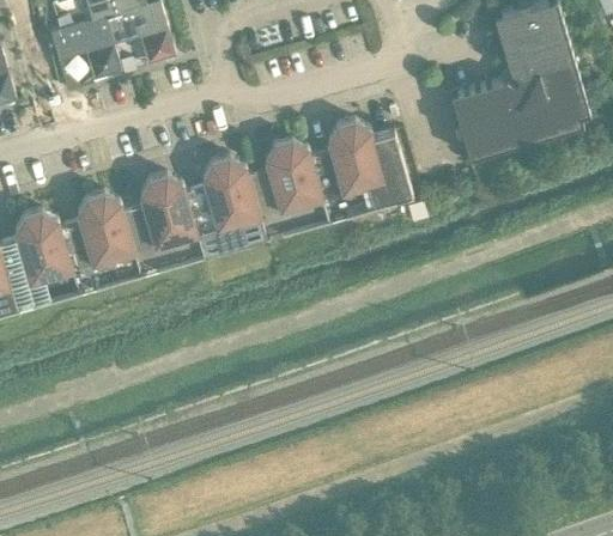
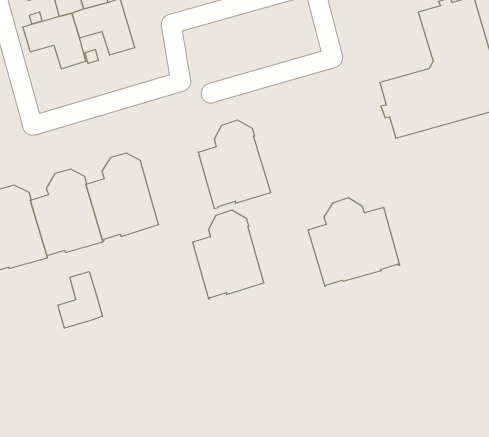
building: [308,118,411,218] -> [308,198,400,287]
building: [183,154,263,254] -> [192,210,264,299]
building: none -> [58,272,102,328]

